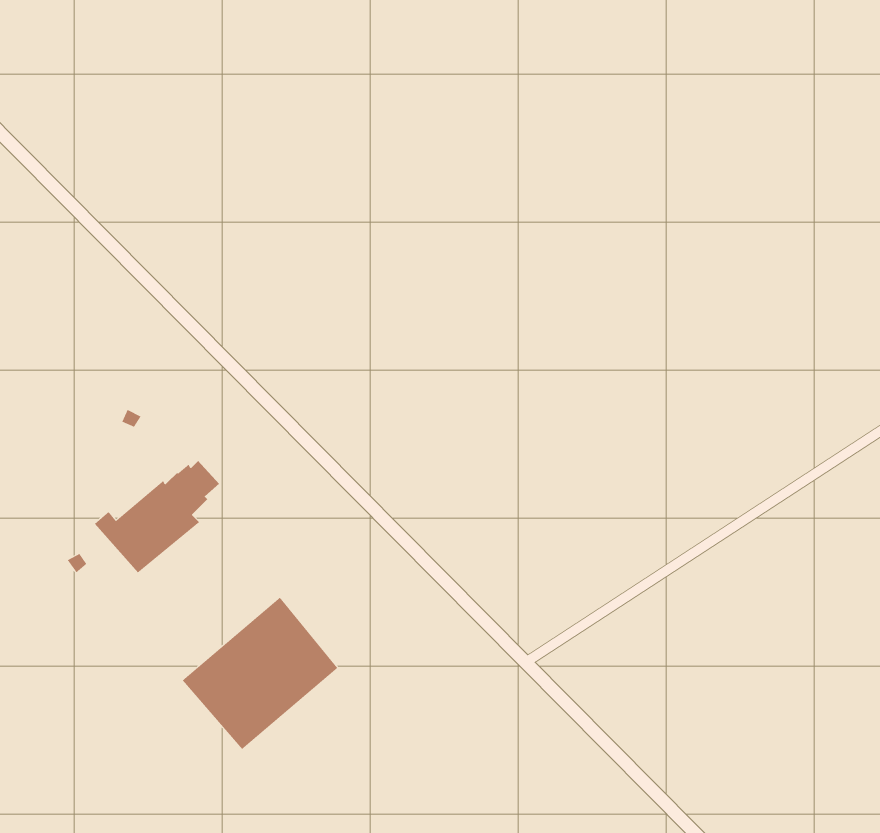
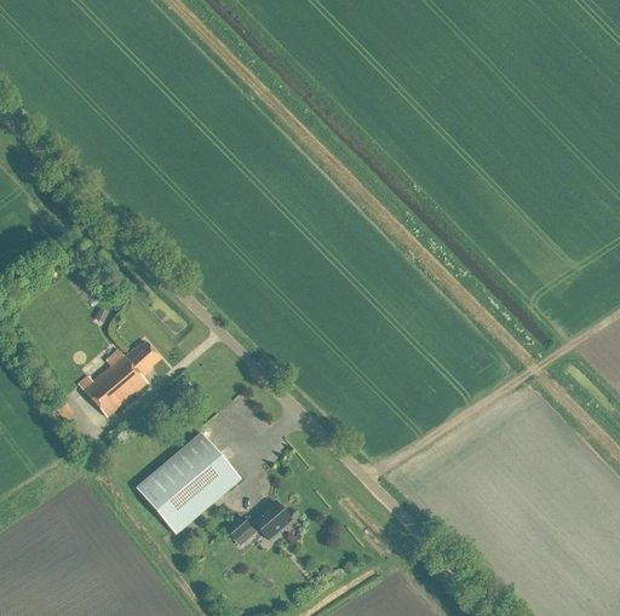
building: none -> [226,501,291,541]

